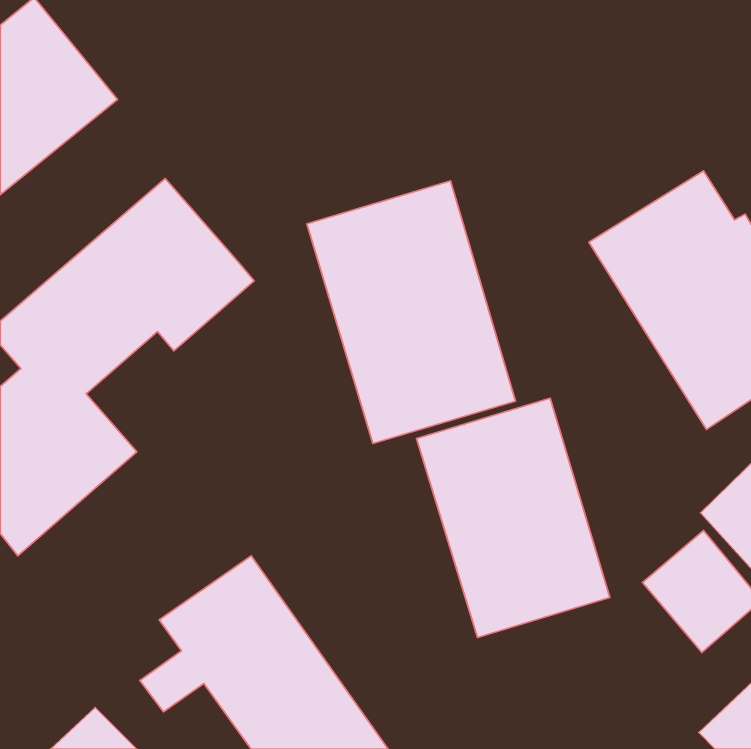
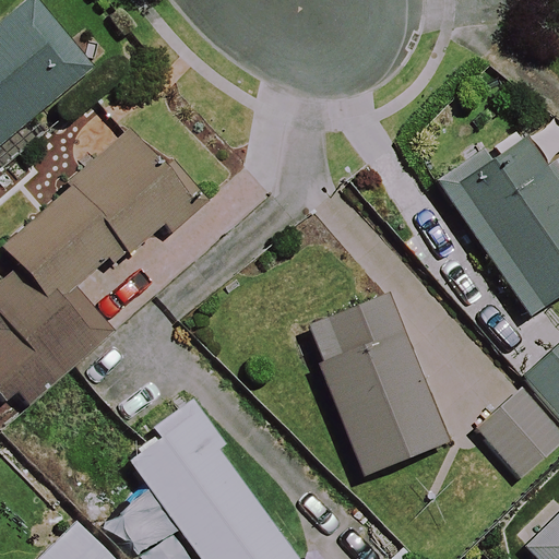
building: [307,181,515,443] -> none

